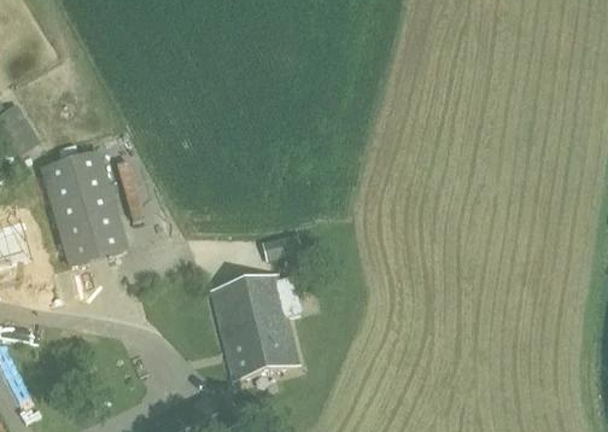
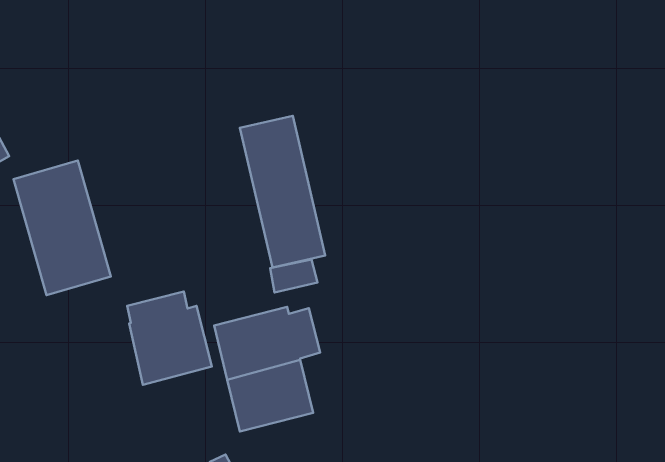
building: none -> [240,116,325,268]
building: none -> [127,291,212,385]

